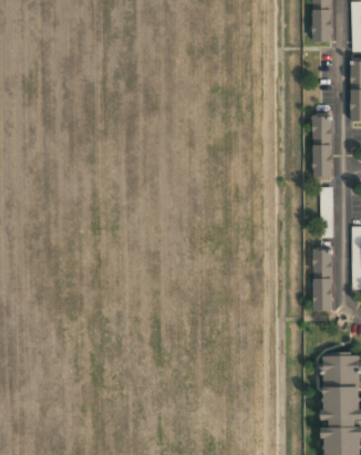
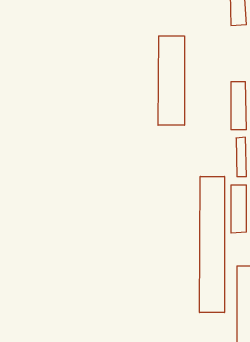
building: none -> [158,36,184,125]
building: none -> [200,176,224,313]

